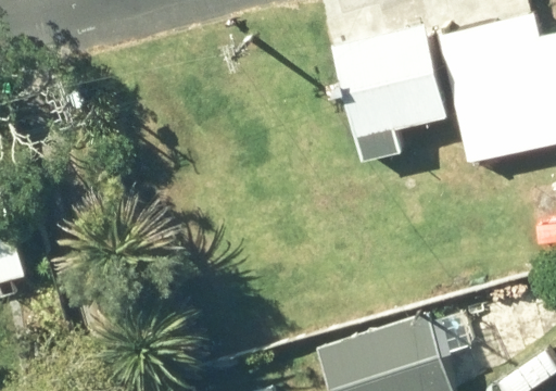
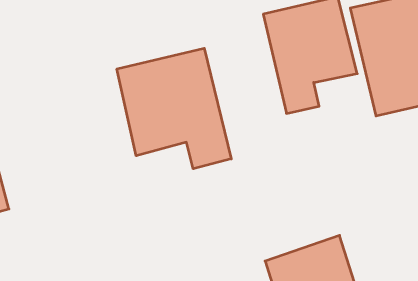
building: none -> [117,48,231,169]

